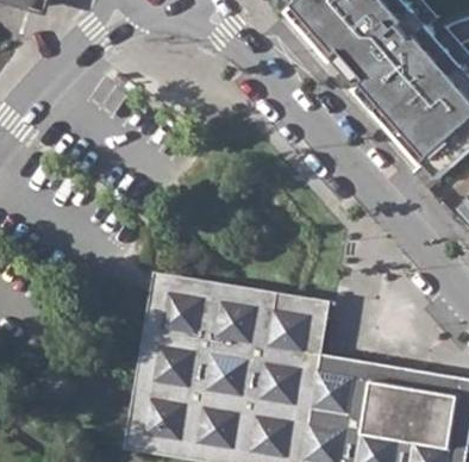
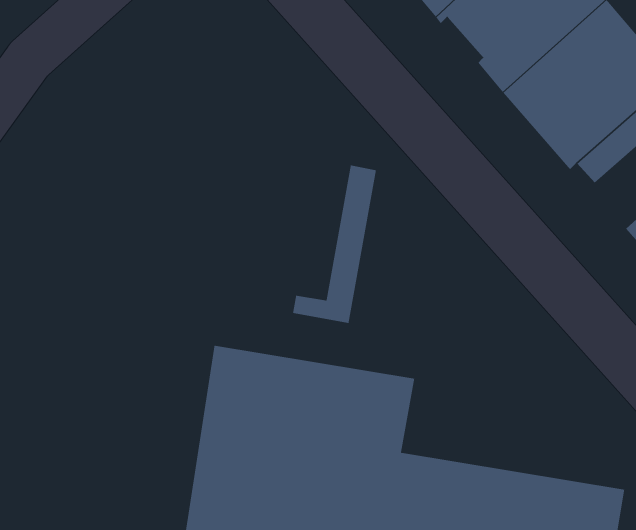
building: none -> [292,165,377,324]

